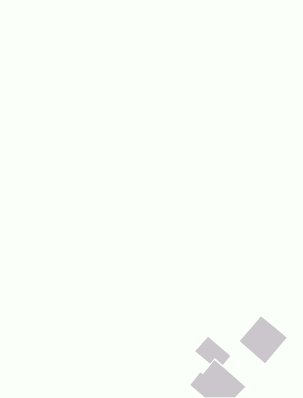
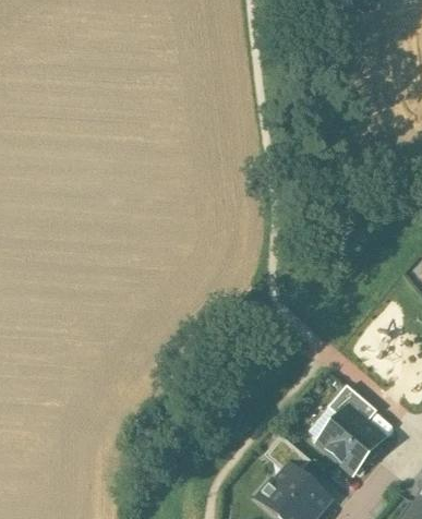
building: none -> [327,387,375,425]

